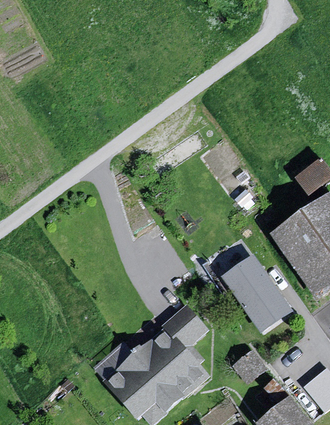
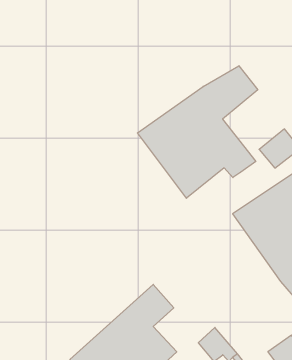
building: none -> [137,66,258,198]
building: [218,257,298,337] -> none

